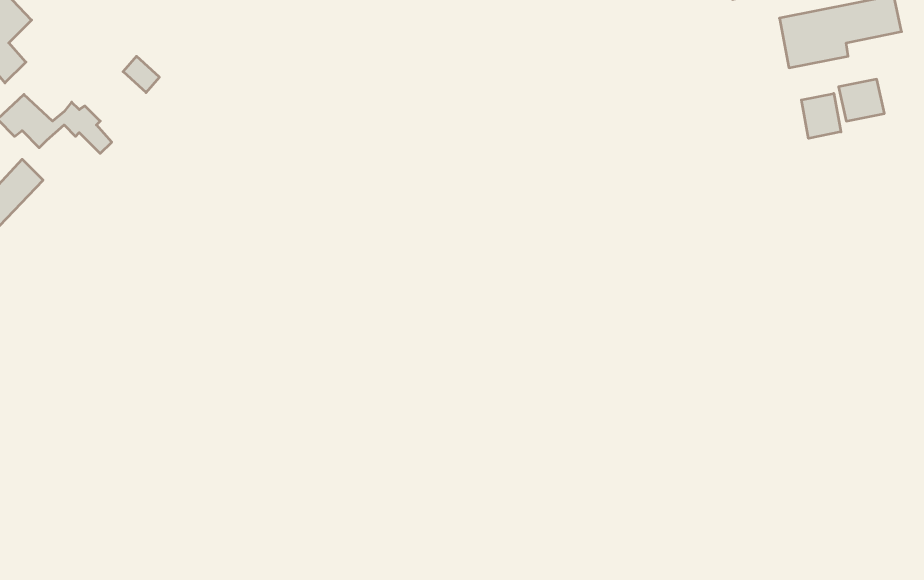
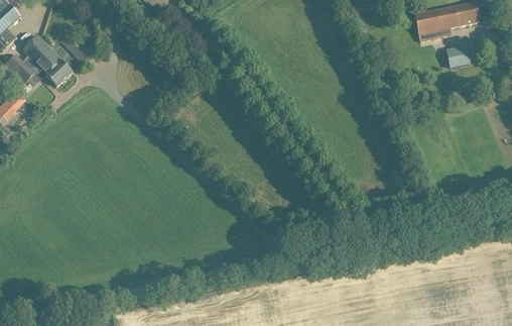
building: none -> [22,35,72,80]
building: [801,93,841,138] -> none

